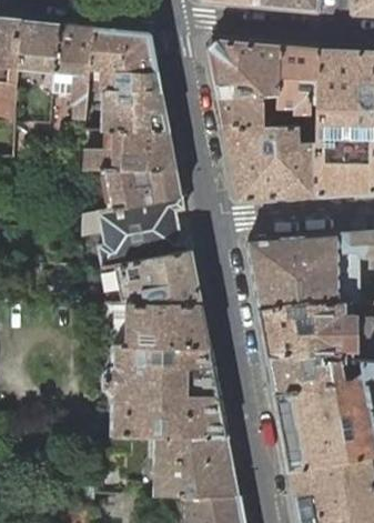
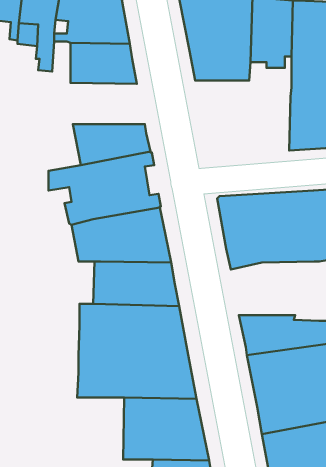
building: [225,127,319,199] -> none
building: [85,129,176,169] -> none
building: [260,302,345,360] -> none

